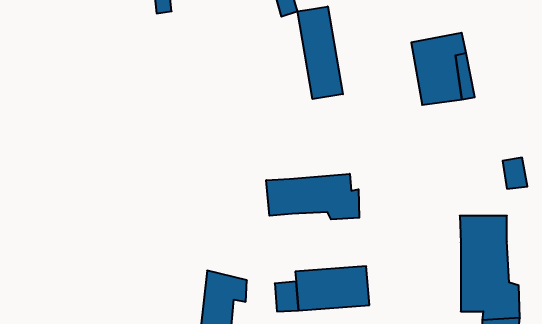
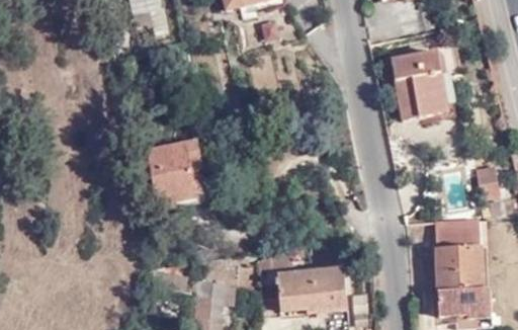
building: [297,6,343,99] -> none
building: none -> [147,138,202,203]
building: [266,174,359,219] -> none

